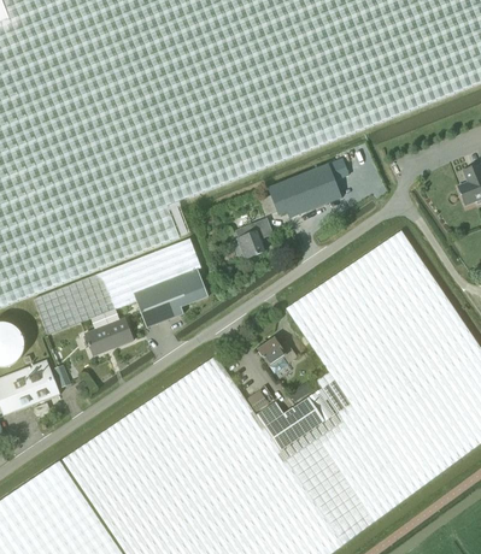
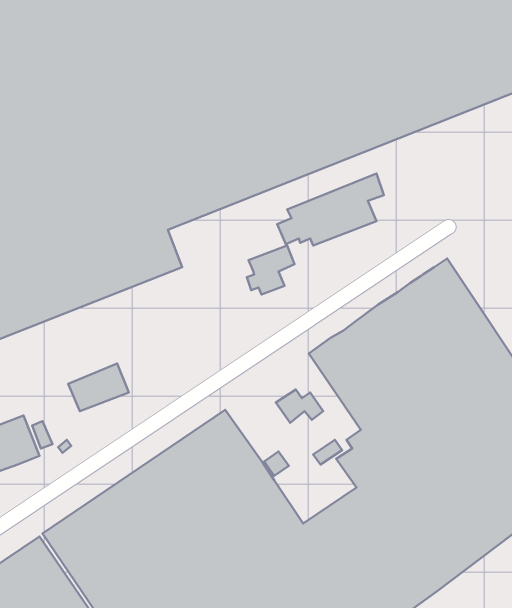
building: [33,240,207,336] -> none
building: [256,397,324,452] -> none

